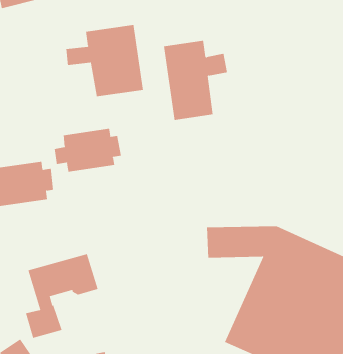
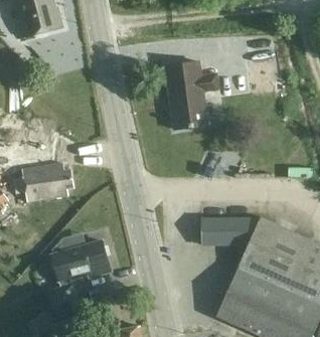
building: [66,24,144,97] -> none
building: [54,128,121,172] -> none

